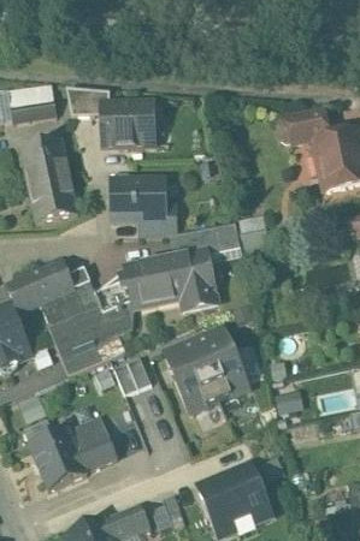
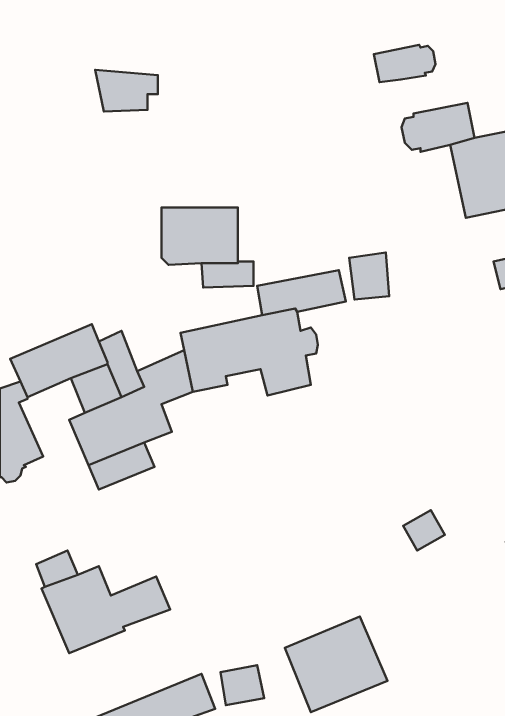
building: none -> [374,45,435,82]
building: [7,83,57,120] -> none
building: [102,102,154,145] -> none
building: [19,138,79,221] -> none
building: [165,328,248,411] -> none
building: [113,357,152,394] -> none
building: [69,417,108,450] -> none

